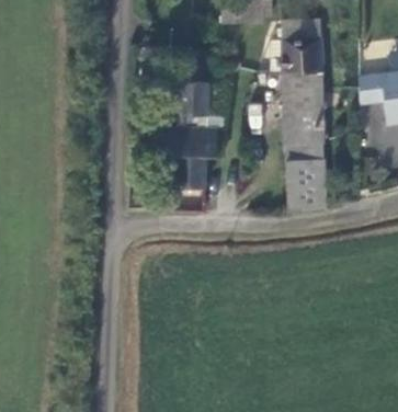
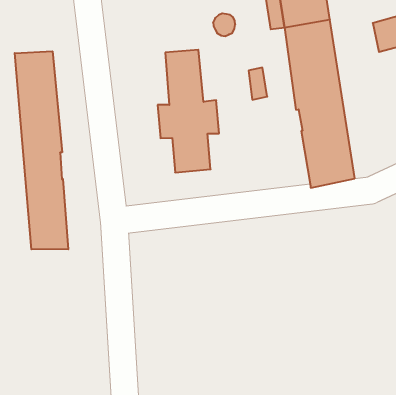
building: none -> [15,51,68,249]

